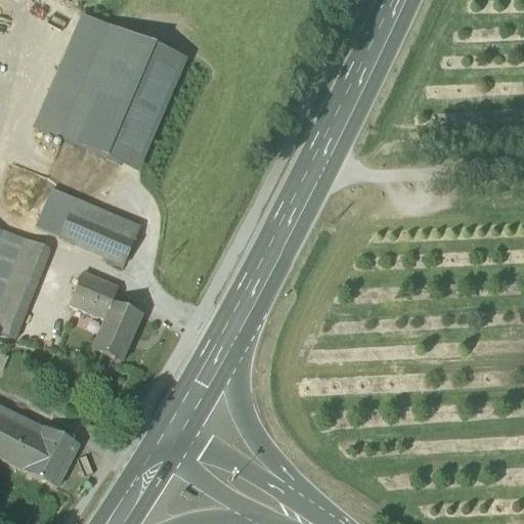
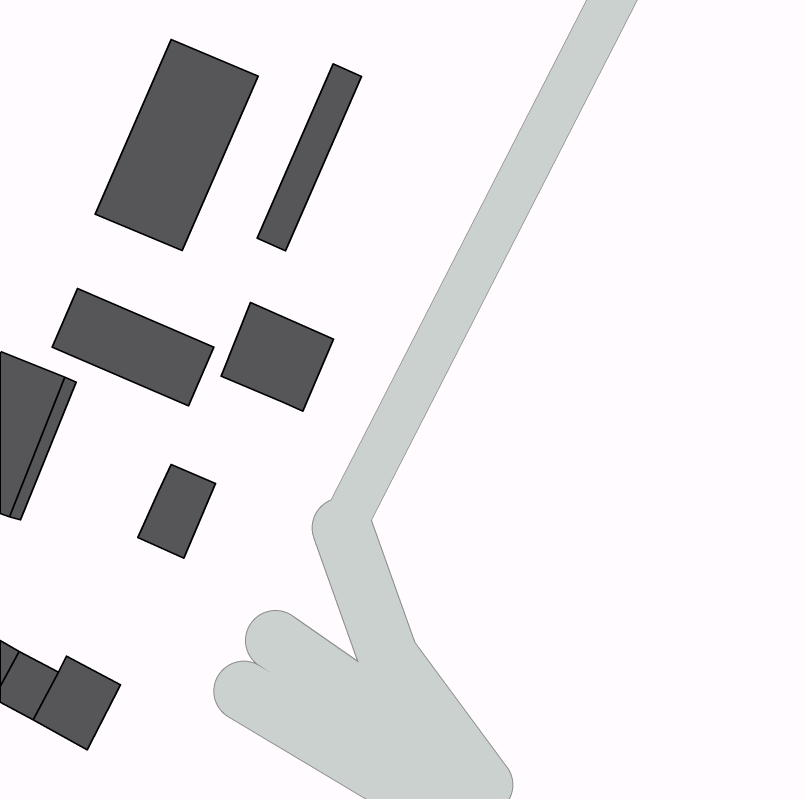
building: [34,11,113,138] -> none
building: [120,49,187,170] -> [257,64,362,251]
building: none -> [221,303,334,411]
building: [69,271,118,317] -> none

